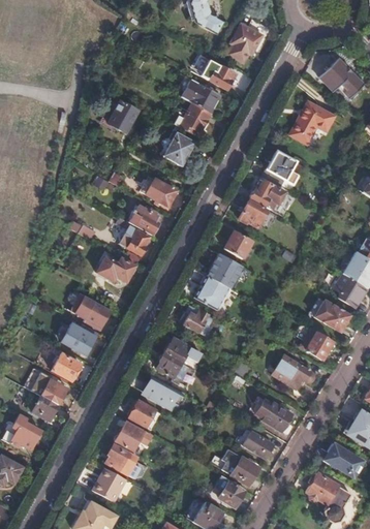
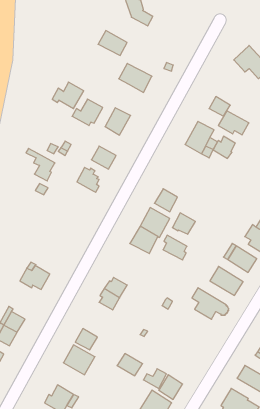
building: [228,24,265,64] -> none
building: [202,59,237,89] -> [98,31,127,55]
building: [299,101,336,130] -> [218,111,249,135]
building: [174,103,211,135] -> [72,99,103,126]
building: [250,180,277,207] -> [213,136,235,158]
building: [240,201,268,227] -> [172,213,195,234]
building: [116,216,151,255] -> [26,148,55,181]
building: [97,255,135,281] -> none
building: [70,292,111,325] -> none
building: [183,307,212,337] -> [163,235,187,260]
building: [53,352,81,380] -> none
building: [148,378,179,405] -> [117,354,143,376]
building: [254,399,292,432] -> none
building: [241,430,273,459] -> none
building: [103,444,135,475] -> none

